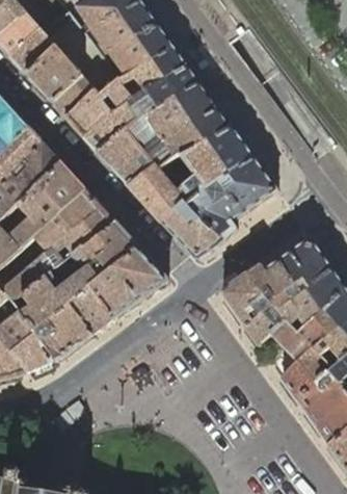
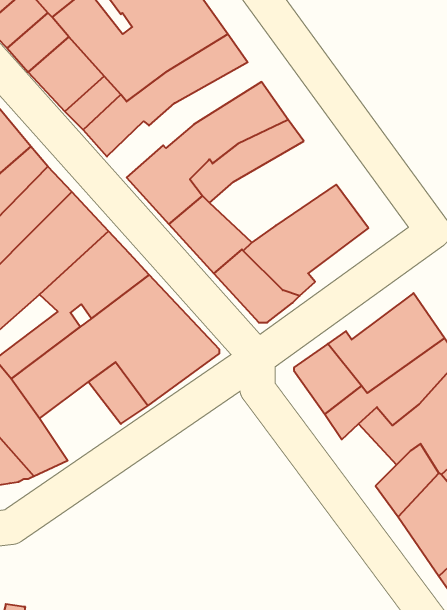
building: [83,67,197,152] -> none
building: [159,125,252,200] -> none
building: [33,303,94,361] -> none

